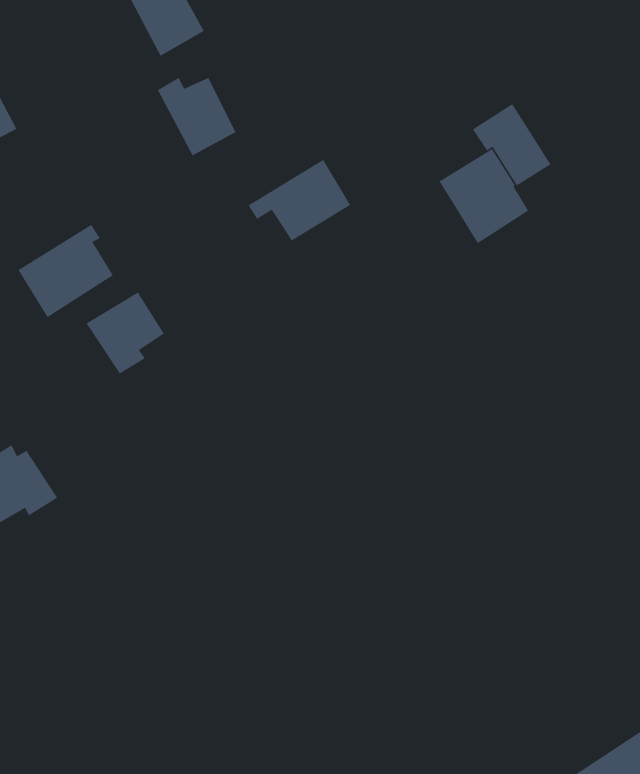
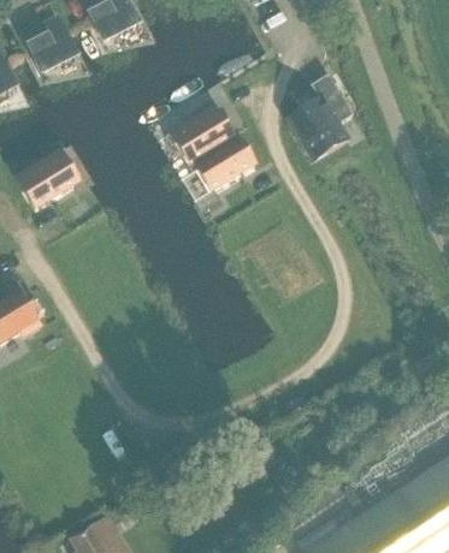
building: [157,77,237,156] -> [24,18,76,70]
building: none -> [187,132,255,188]
building: [86,292,165,374] -> none

